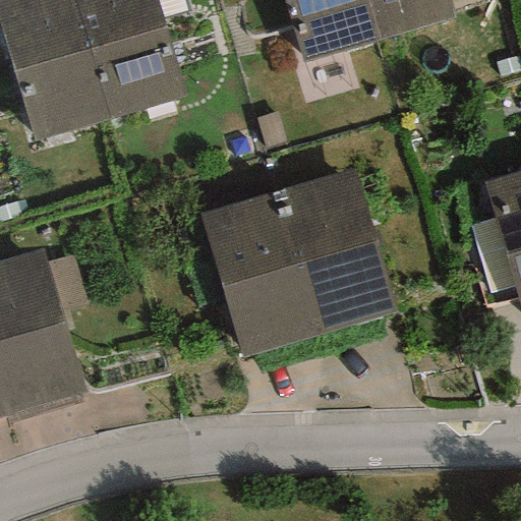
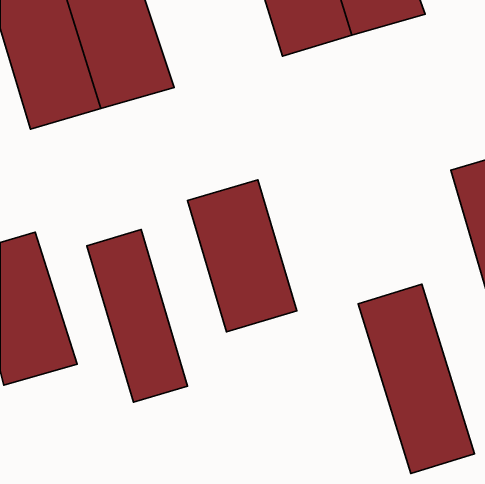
building: [277,169,397,333] -> none
building: none -> [87,230,188,402]
building: none -> [358,284,475,474]

